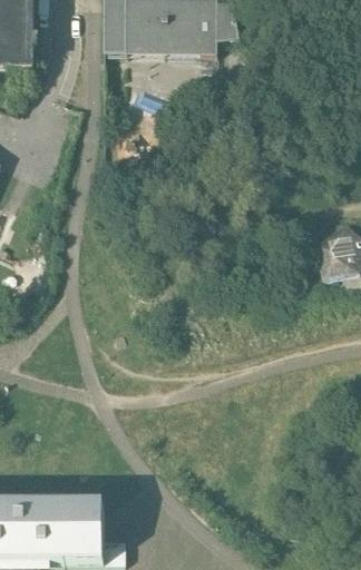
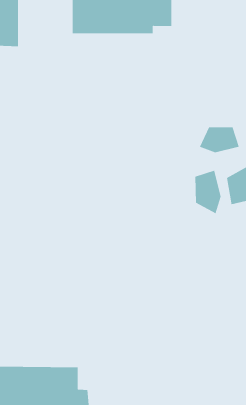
building: none -> [199,127,239,153]
building: none -> [195,170,221,214]

